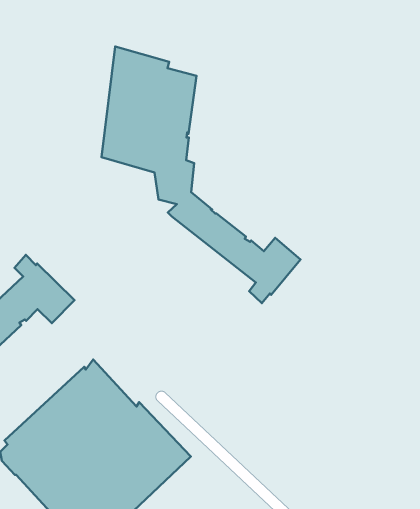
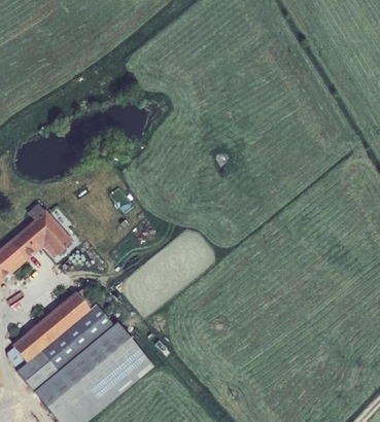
building: [102,47,301,303] -> none

